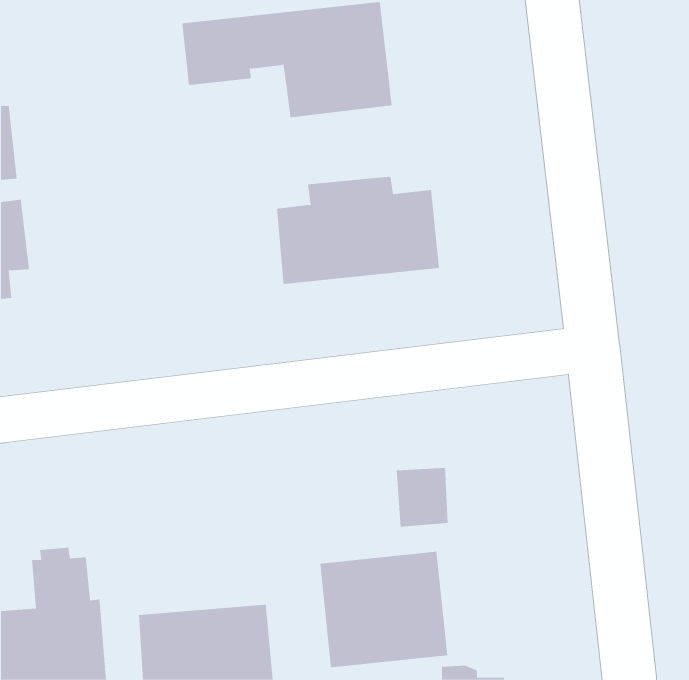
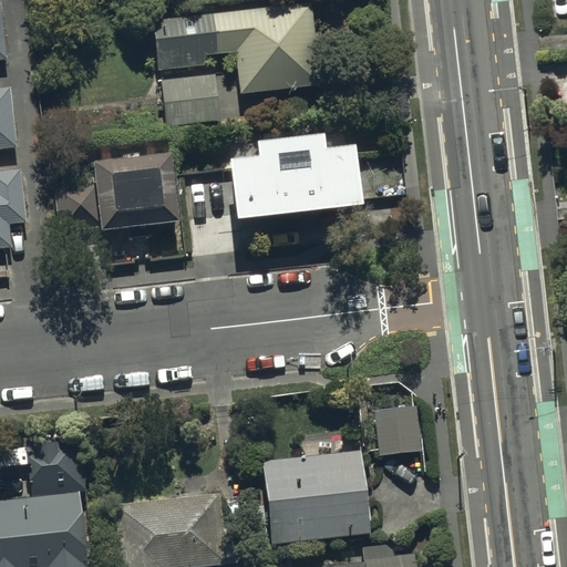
building: none -> [164,73,220,122]
building: none -> [54,162,176,236]
building: [396,467,449,527] -> [375,404,419,453]

